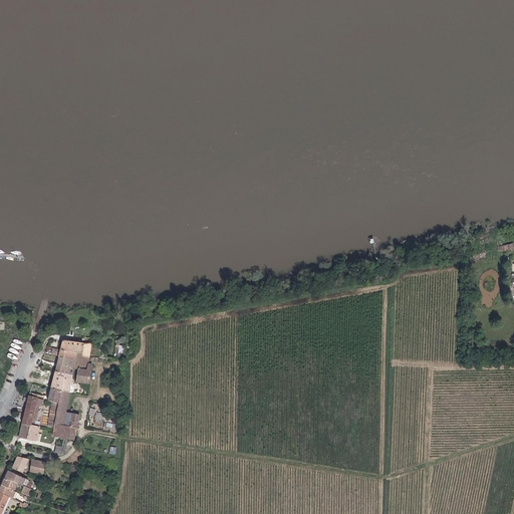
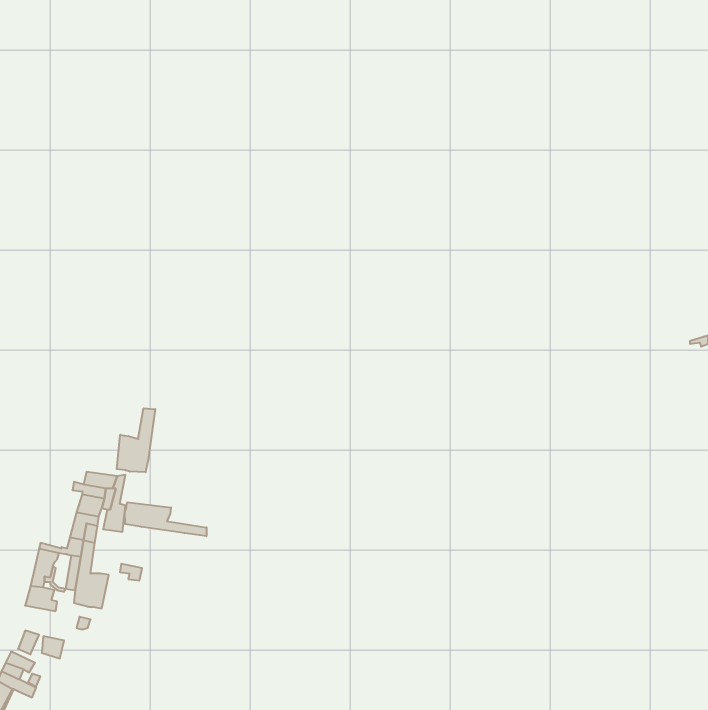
building: none -> [117,408,155,472]
building: none -> [125,502,207,536]

